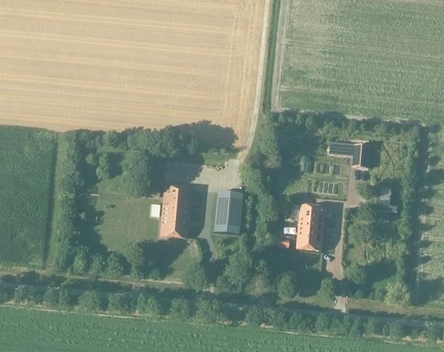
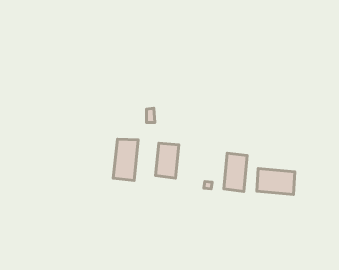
building: [330,143,370,168] -> none
building: none -> [257,168,295,195]

